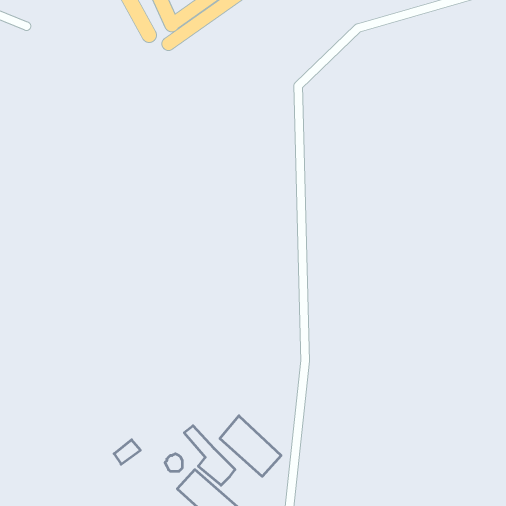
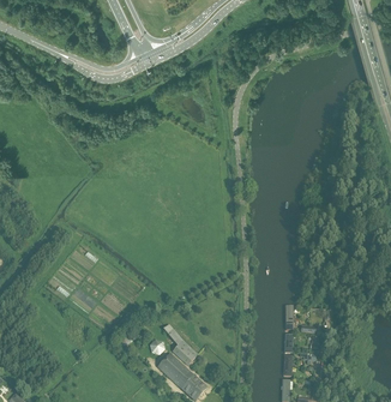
building: [220,416,281,476] -> none

